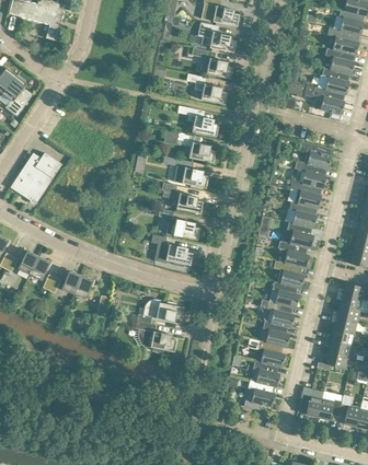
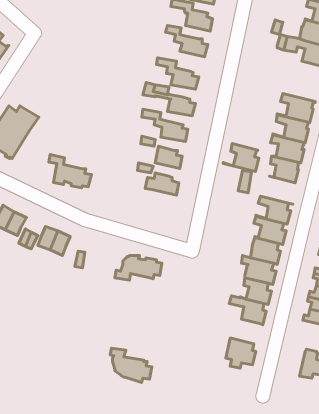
building: [279,221,314,248] -> [223,143,259,171]
building: [151,233,193,266] -> [49,154,91,188]
building: [136,321,176,354] -> [110,348,152,383]
building: [251,360,280,386] -> none
building: [298,386,323,417] -> none

